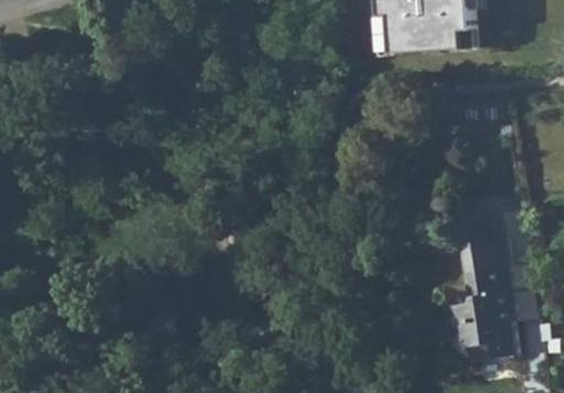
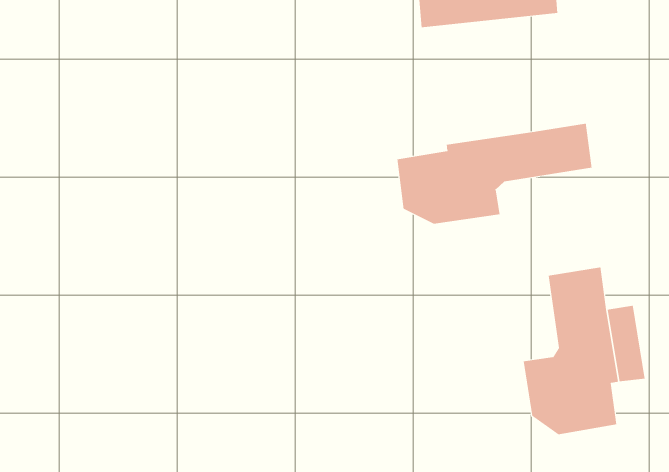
building: none -> [397,123,592,225]

